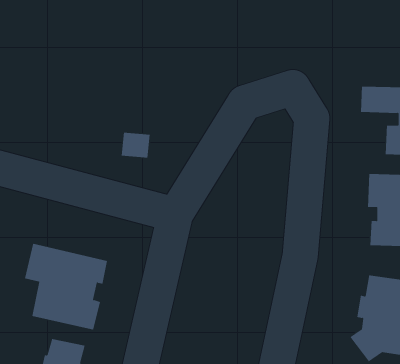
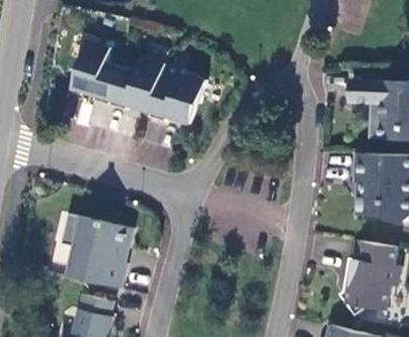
building: none -> [73,36,207,120]

